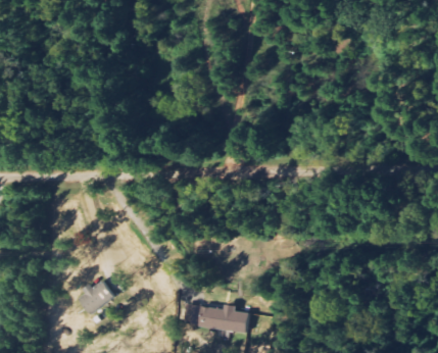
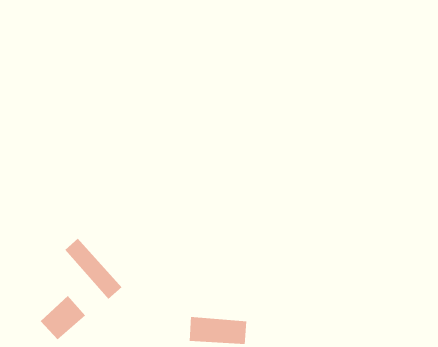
building: none -> [64,238,123,300]

